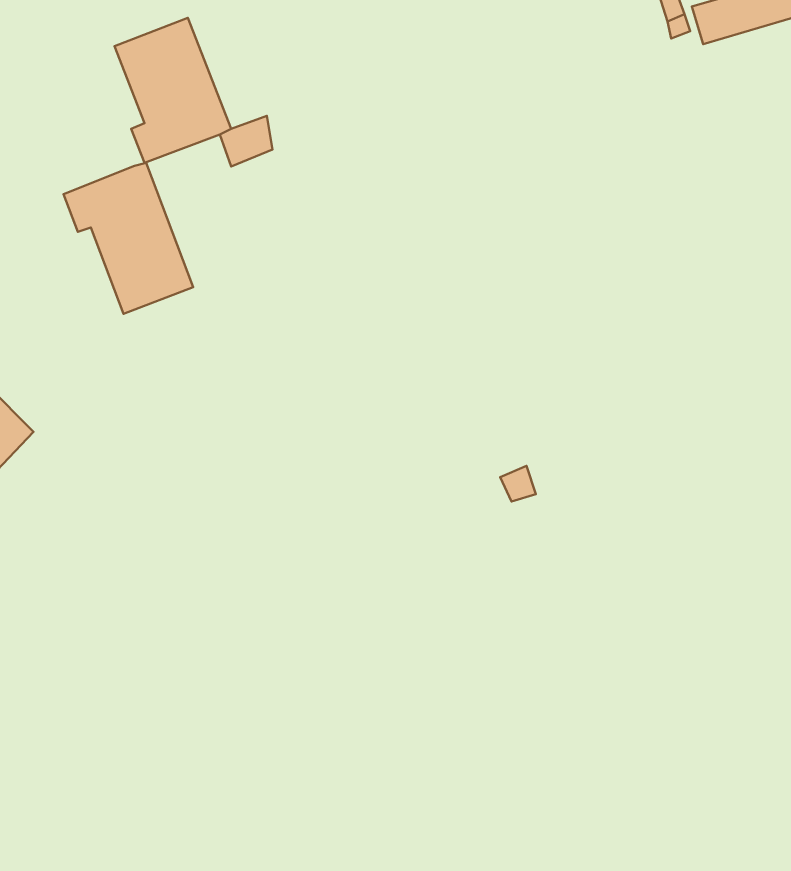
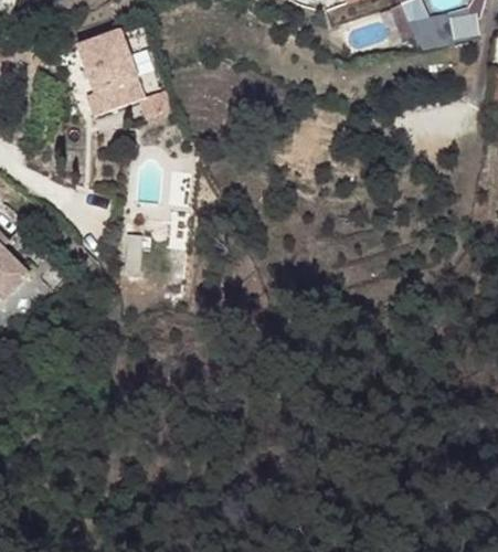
building: [63,163,193,314] -> none

